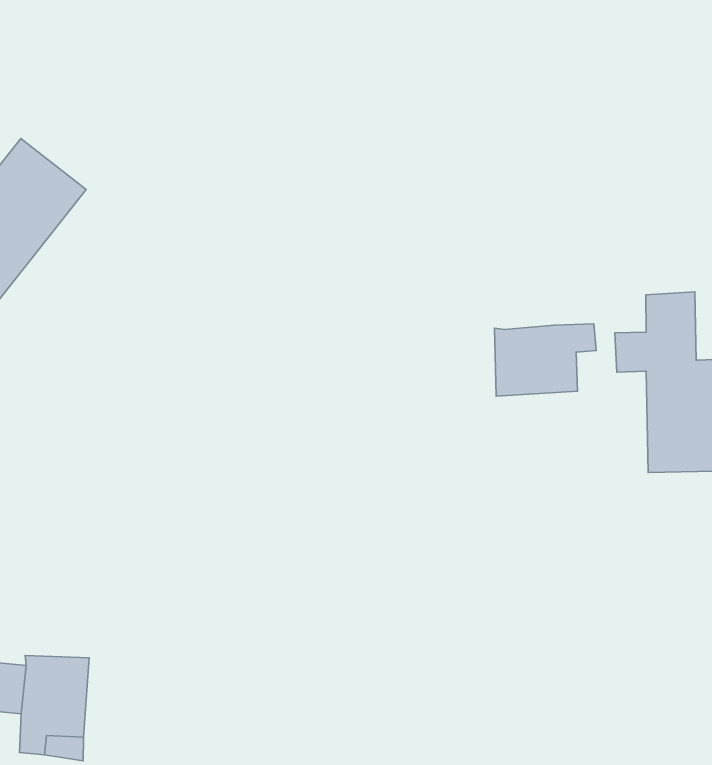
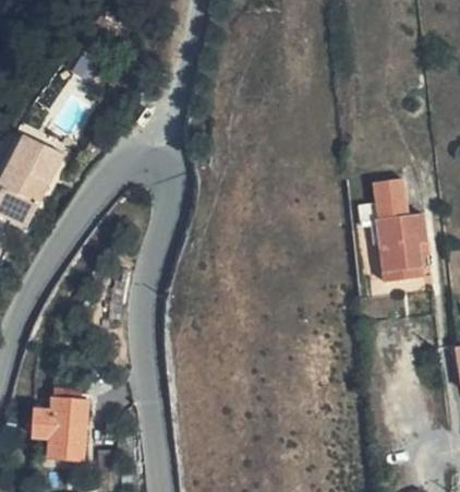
building: [495,324,596,396] -> none

